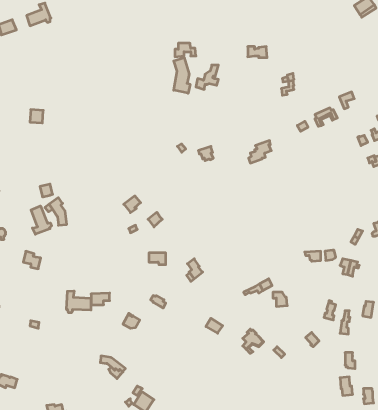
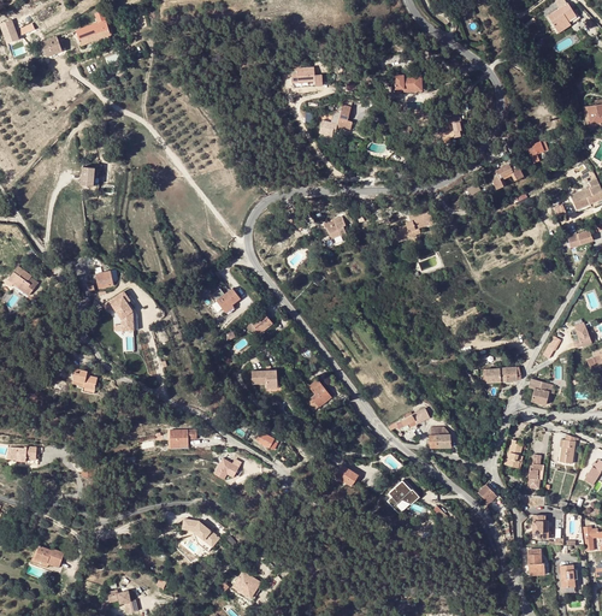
building: [174,58,190,93] -> none
building: [31,206,52,234] -> none
building: [67,291,91,313] -> none

